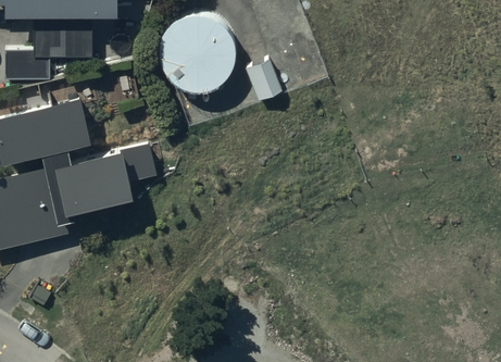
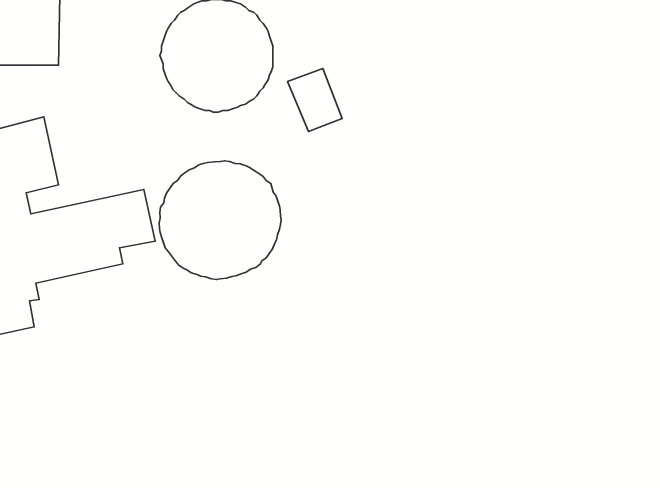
building: none -> [159,161,281,279]

